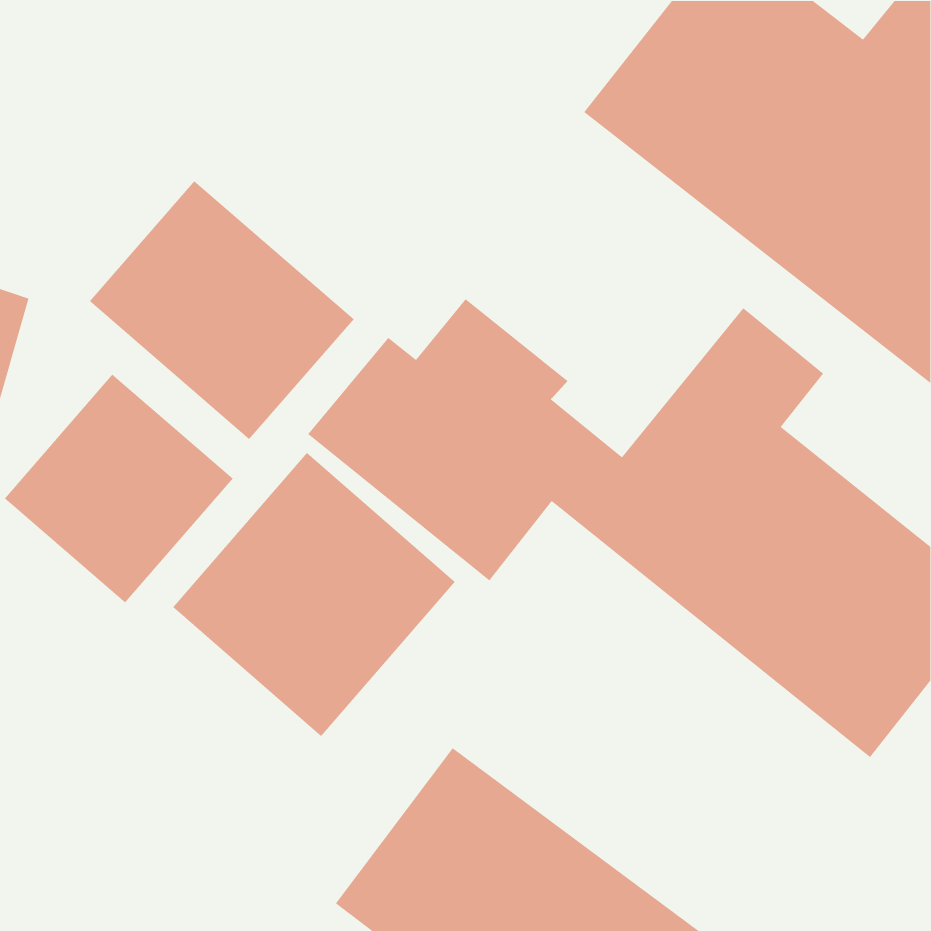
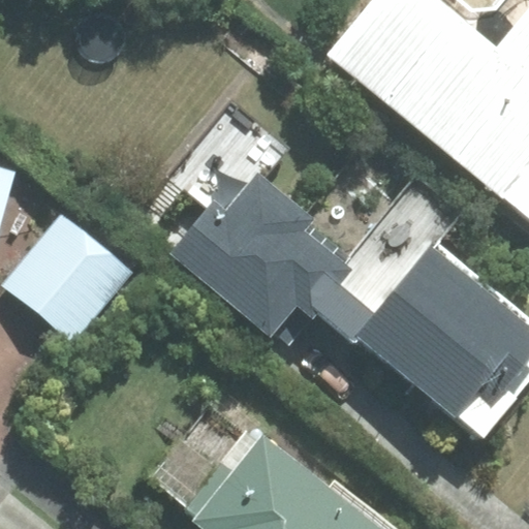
building: [89,180,355,440] -> none
building: [172,452,456,737] -> none

